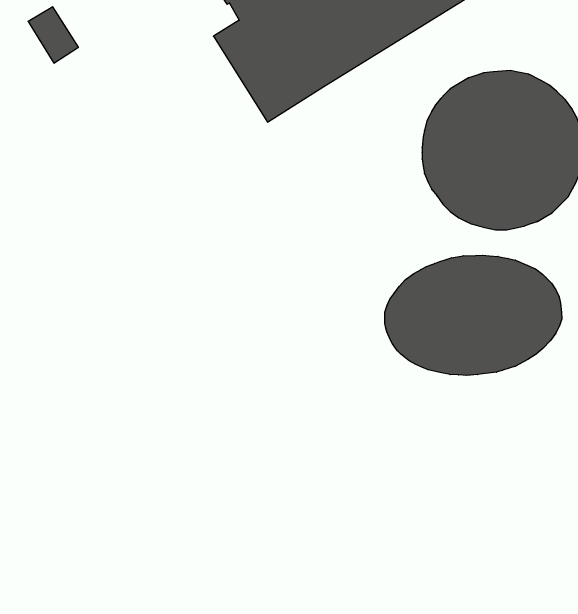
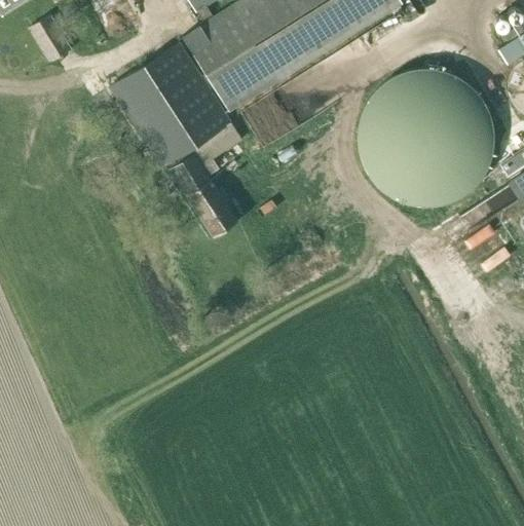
building: none -> [111,41,242,236]
building: [385,255,562,375] -> none

